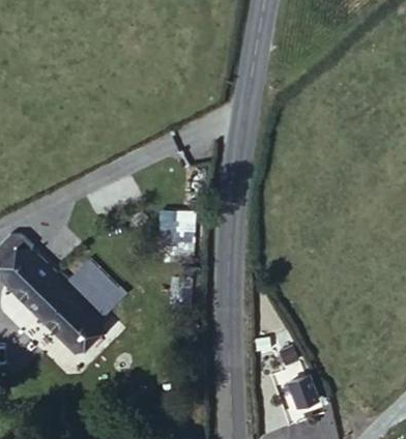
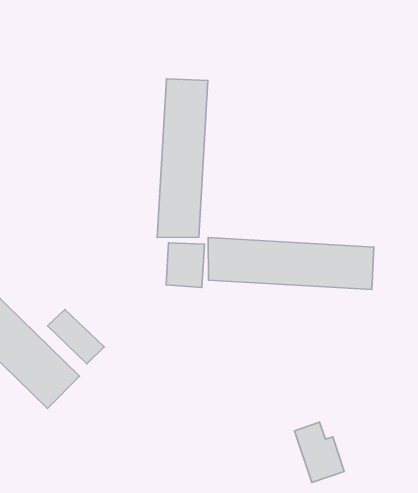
building: none -> [157,79,208,237]
building: none -> [208,238,374,289]

